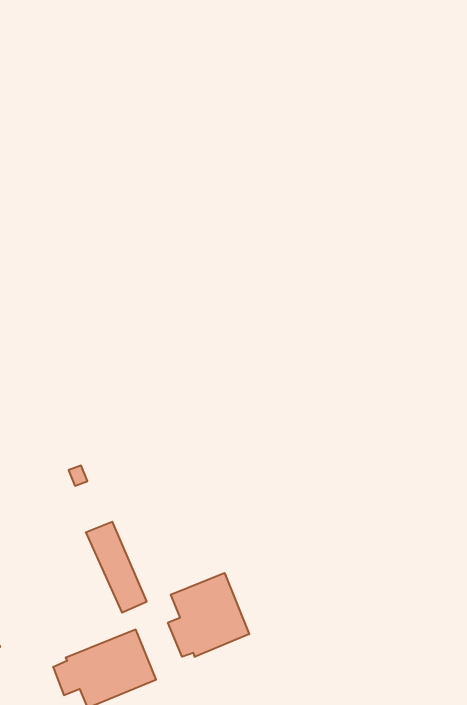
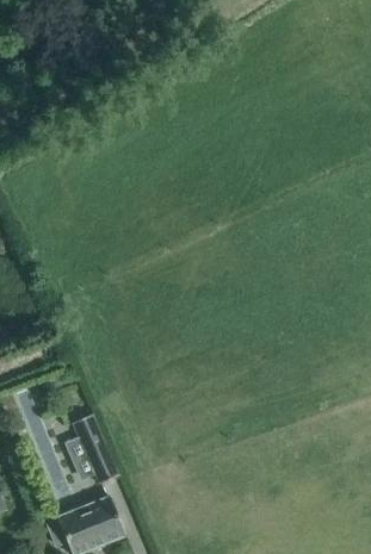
building: [168,573,249,657] -> none

